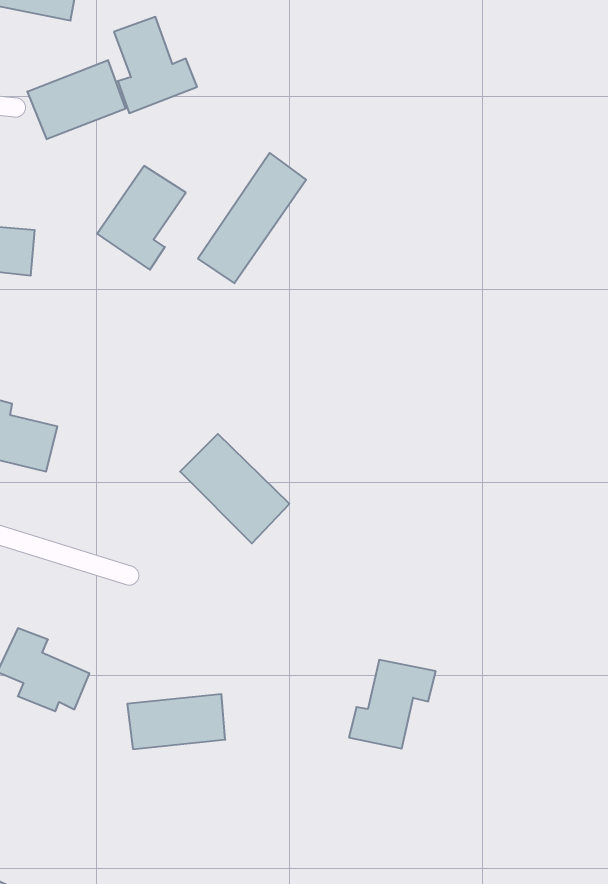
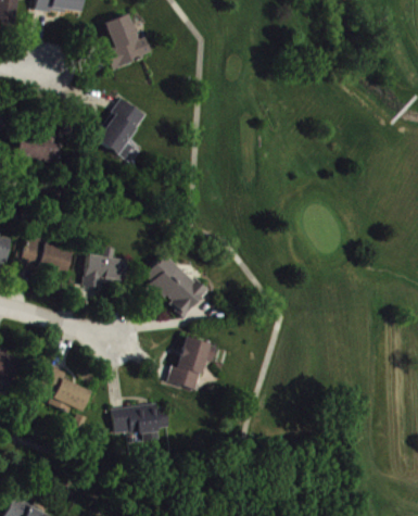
building: [27,60,126,139] -> none
building: [198,153,306,283] -> none
building: none -> [84,247,126,288]
building: [349,660,436,749] -> [167,338,217,389]

